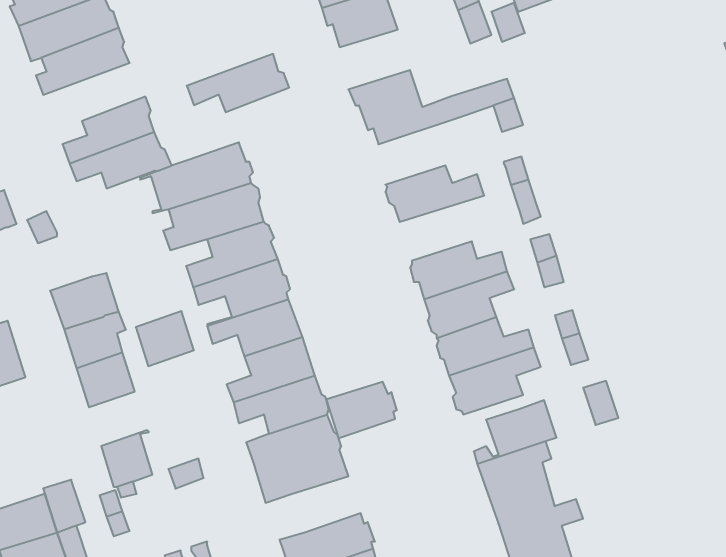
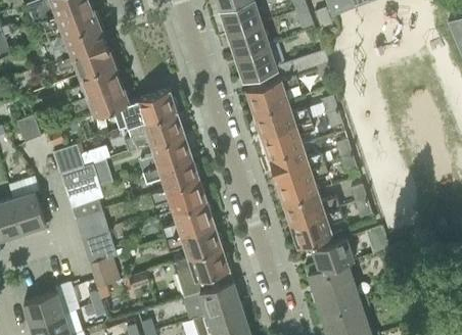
building: none -> [227,22,268,57]
building: [187,54,289,112] -> [55,42,114,76]
building: none -> [246,74,298,112]
building: none -> [262,118,314,156]
building: none -> [52,143,84,174]
building: [136,311,194,366] -> [82,232,116,264]
building: [326,382,397,438] -> [199,281,240,314]

